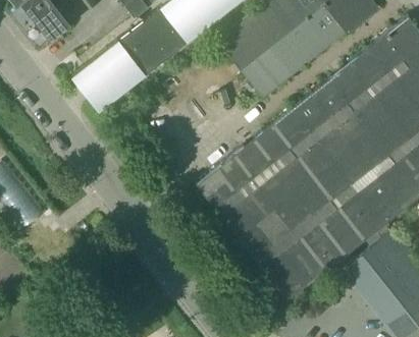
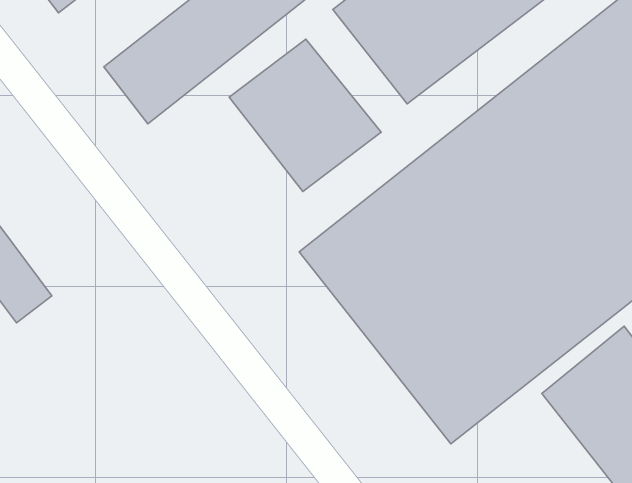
building: none -> [229,39,381,191]

